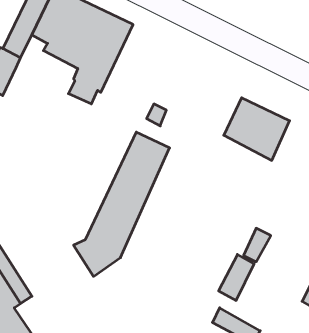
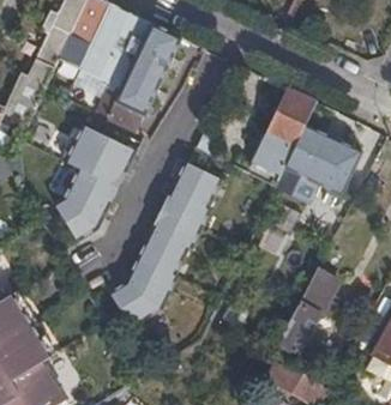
building: none -> [245,87,315,186]
building: none -> [54,126,136,243]

